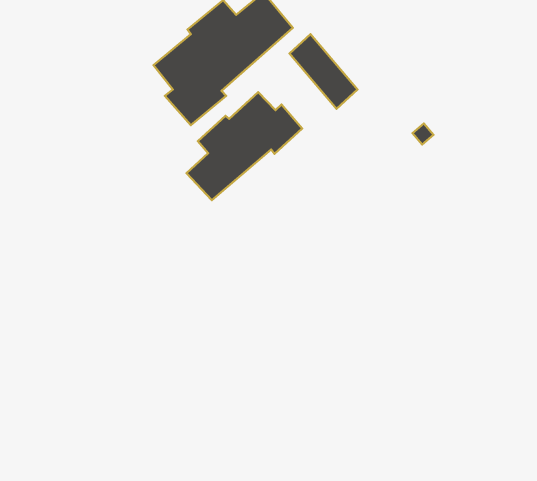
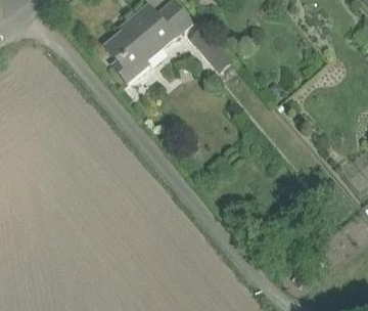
building: [187,92,302,200] -> none

